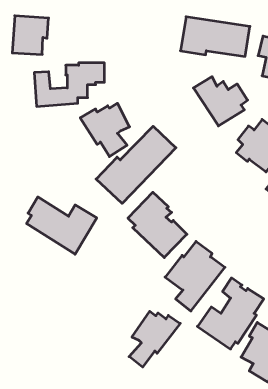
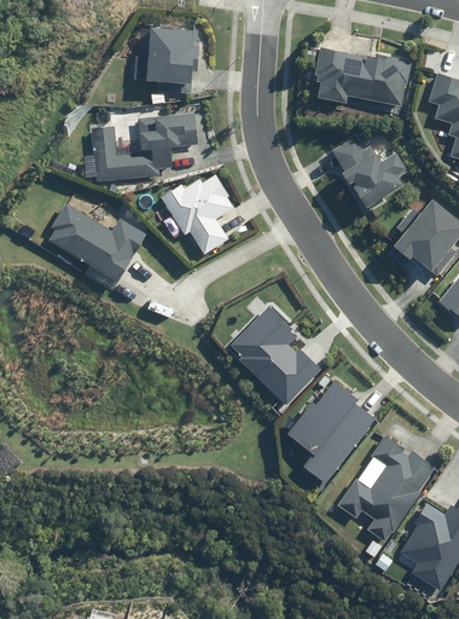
building: [12,16,49,54] -> [146,25,201,83]
building: [96,126,176,203] -> none
building: [27,197,97,254] -> [46,201,151,287]
building: [129,311,180,367] -> none

